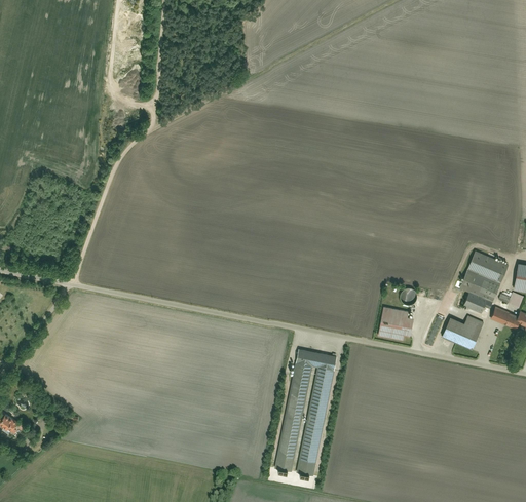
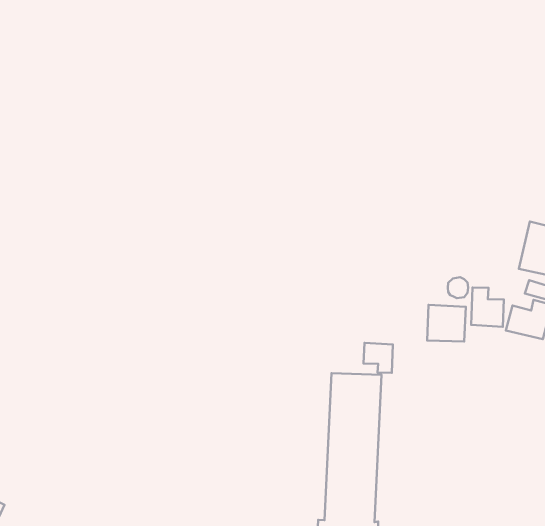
building: none -> [471,287,504,327]
building: none -> [364,343,393,373]

